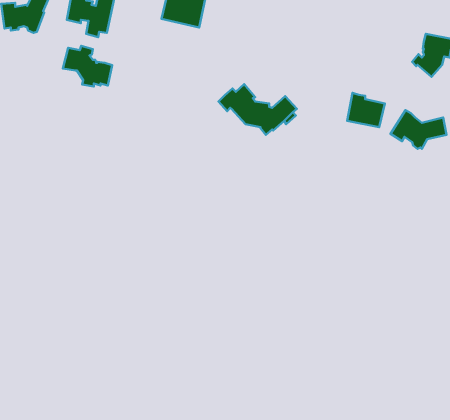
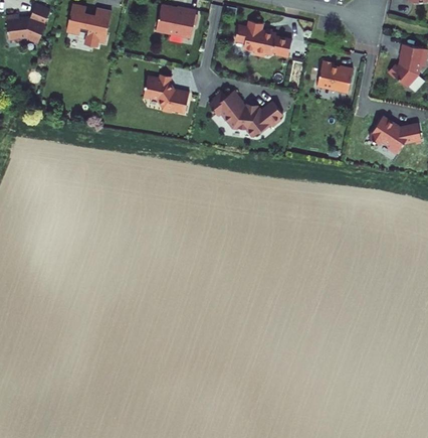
building: none -> [235,21,292,57]
building: [63,46,112,87] -> [144,75,190,113]
building: [347,93,385,127] -> [317,60,353,93]

